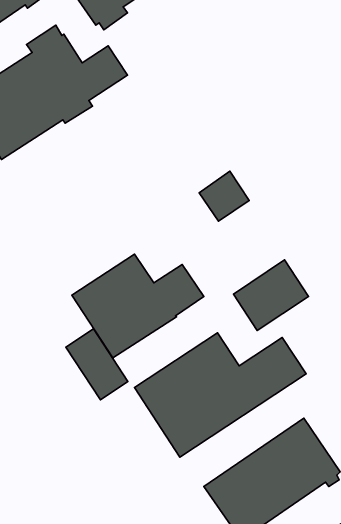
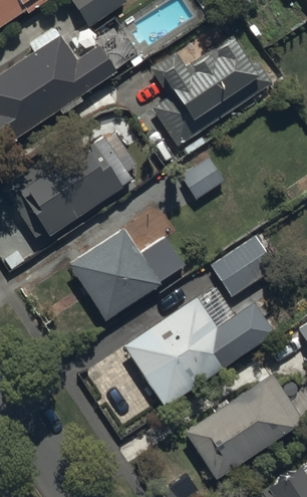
building: none -> [150,37,273,146]
building: none -> [18,132,138,238]
building: [66,329,128,400] -> none

